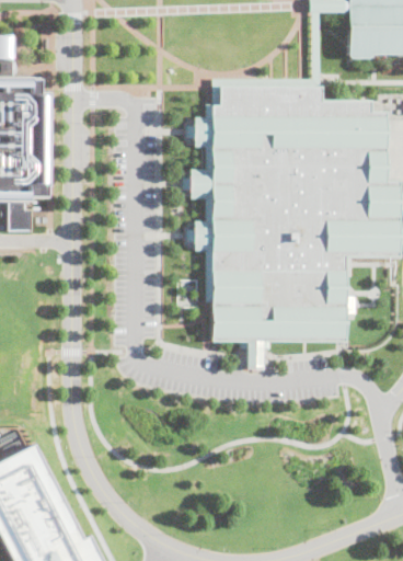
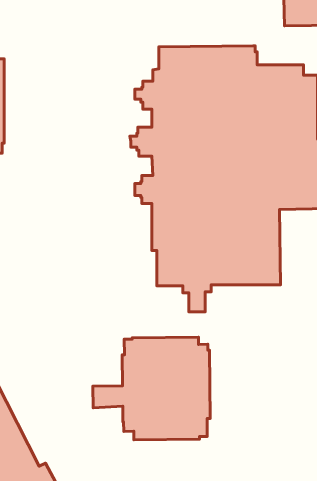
building: none -> [93,337,210,440]

